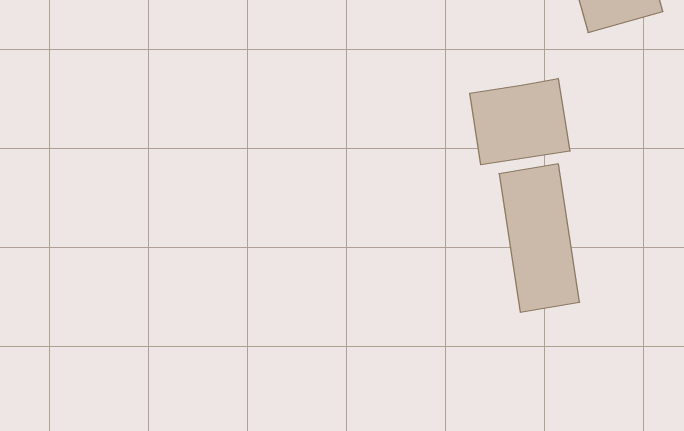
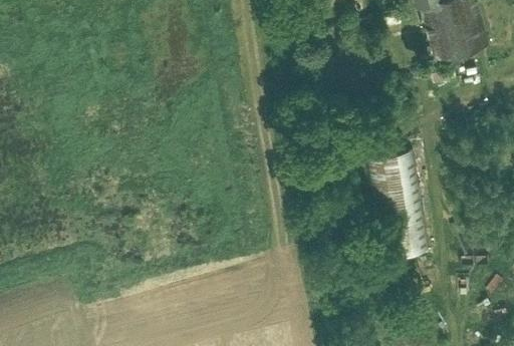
building: [470,78,570,165] -> none

